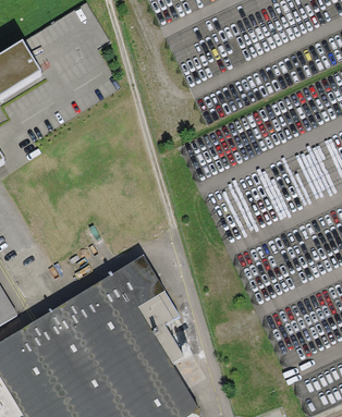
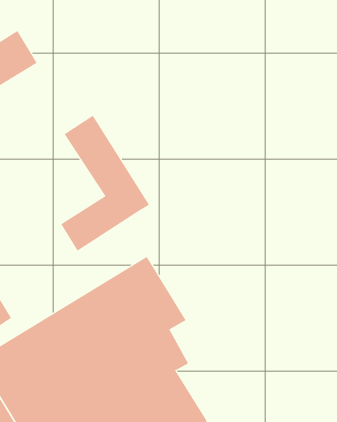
building: none -> [61,115,150,251]

